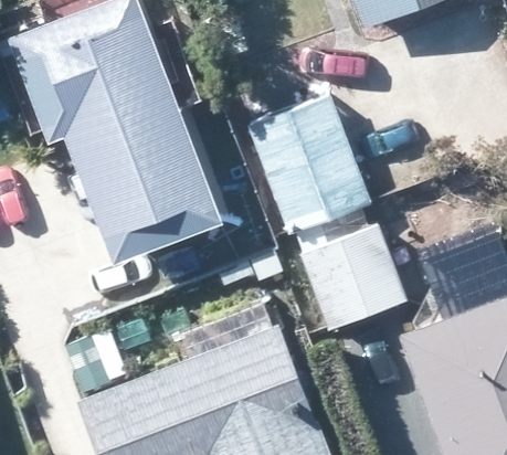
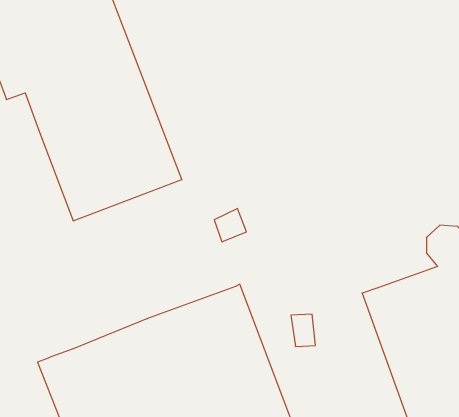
building: [251,96,367,229] -> none
building: [302,222,405,328] -> none

